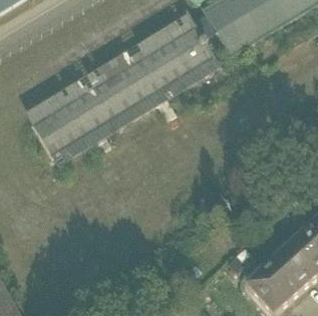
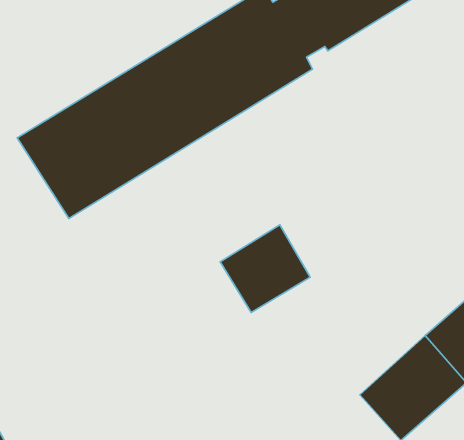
building: none -> [220,225,310,313]

